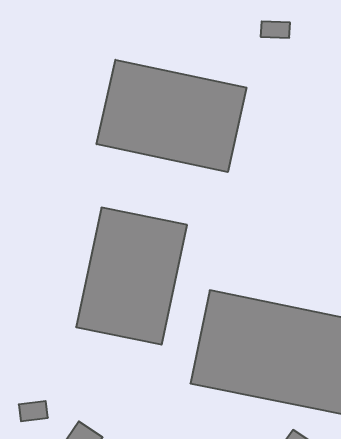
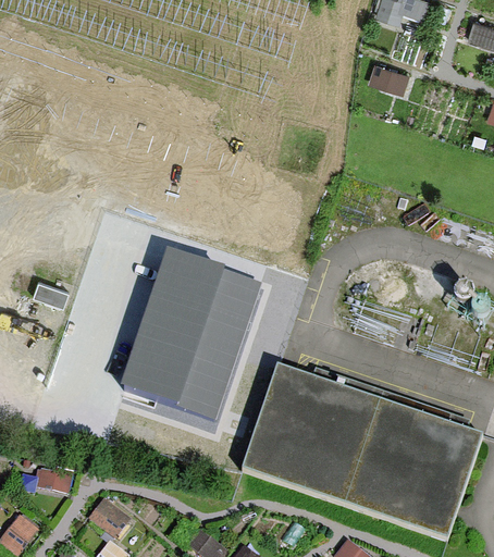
building: [97,60,246,172] -> none

